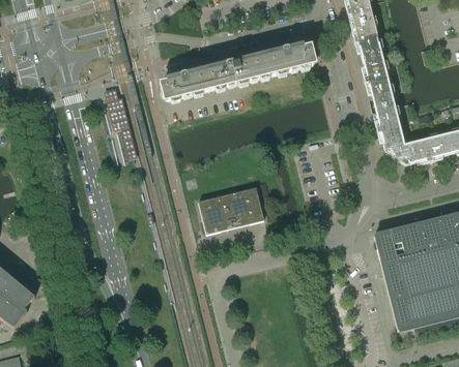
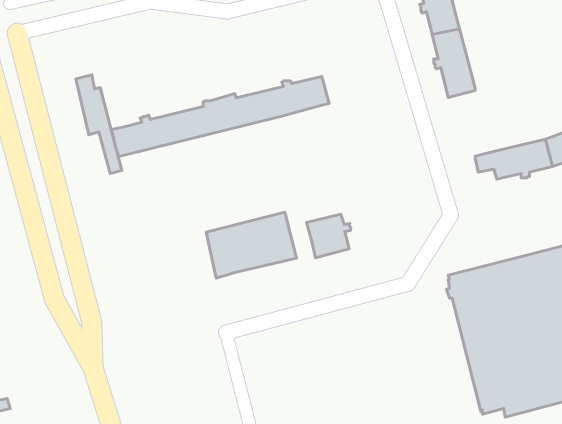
building: [159,42,316,100] -> [112,76,329,157]
building: [373,97,404,148] -> none
building: none -> [306,214,351,258]

